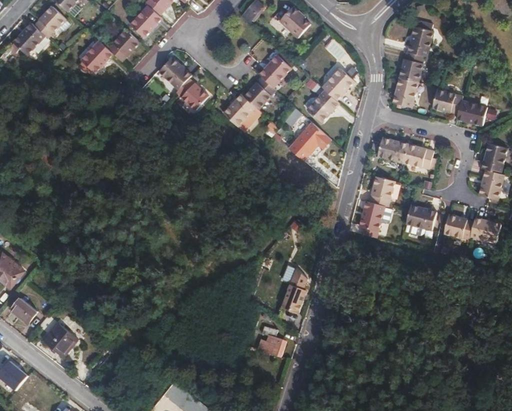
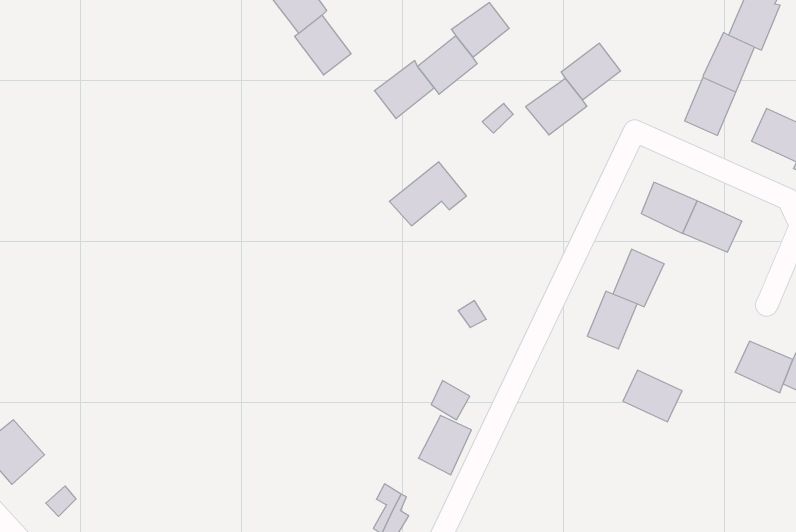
building: [289,123,330,160] -> [389,162,466,226]
building: [405,205,436,230] -> [623,370,682,422]

